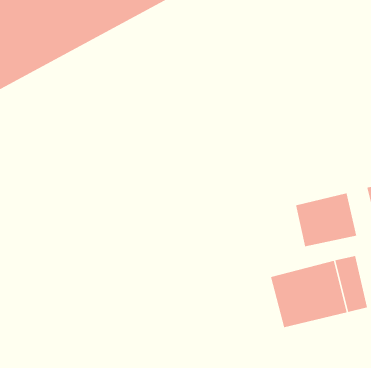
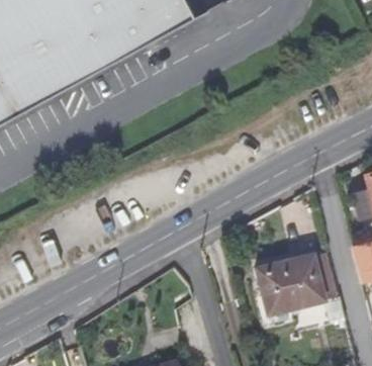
building: [295,193,357,247] -> none

